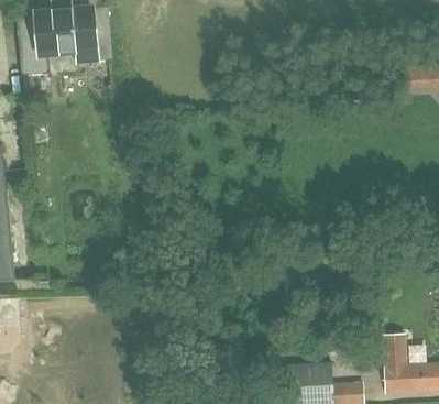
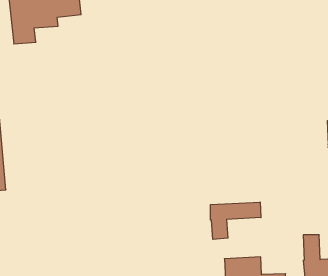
building: none -> [211,202,261,239]

